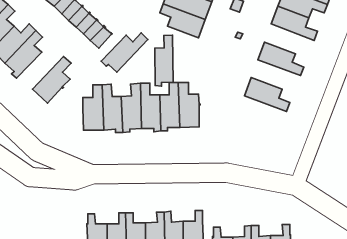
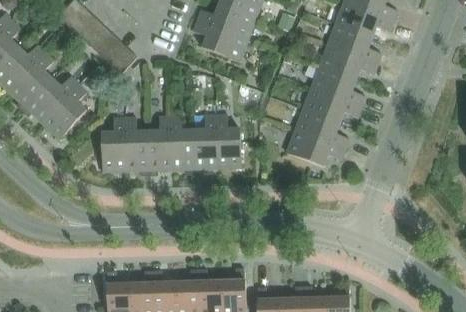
building: none -> [318,44,377,80]
building: [101,33,148,72] -> [22,75,78,122]
building: [155,35,173,86] -> none
building: none -> [302,87,361,122]
building: none -> [286,130,344,166]

